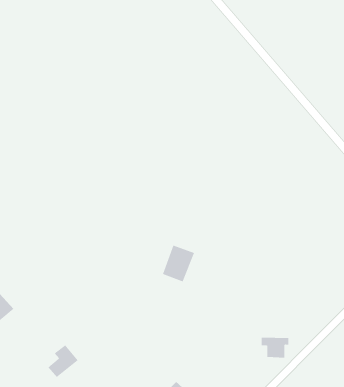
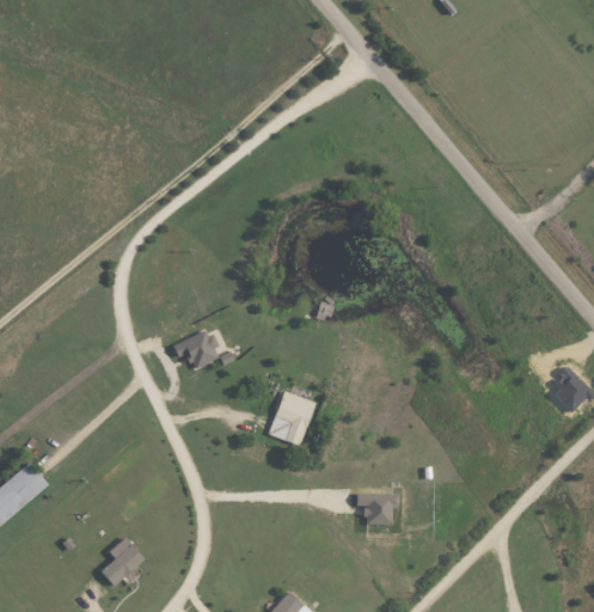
building: none -> [172,330,220,369]
building: [261,337,289,358] -> [355,494,397,525]

